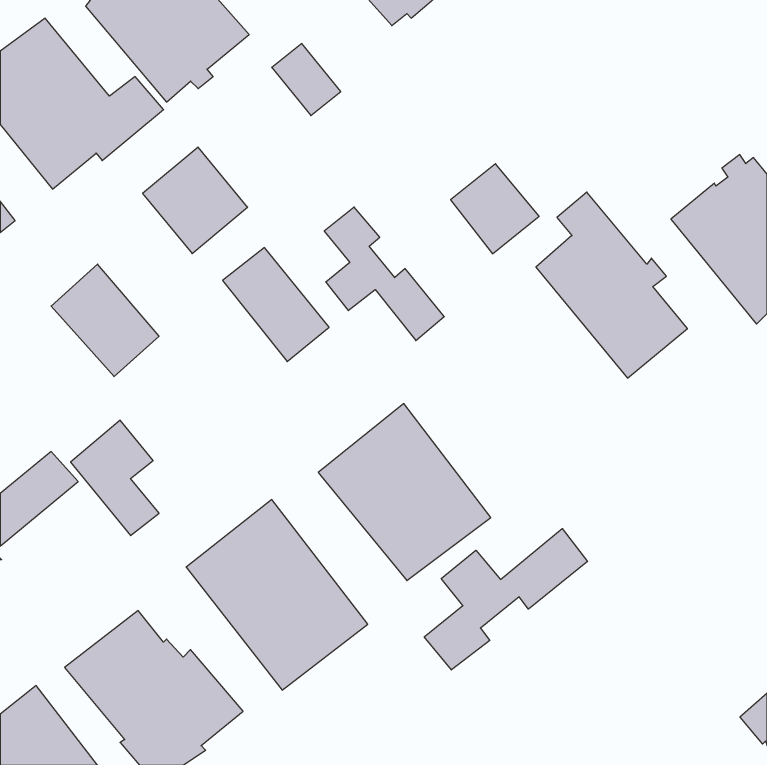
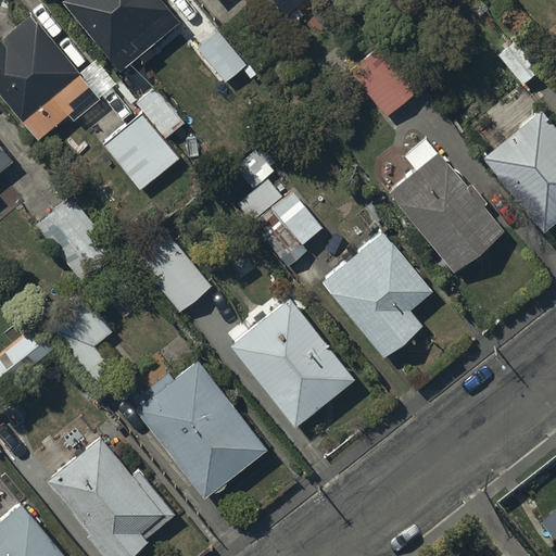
building: [451,164,539,254] -> [354,52,418,117]
building: [223,248,329,362] -> [134,230,211,313]
building: none -> [321,232,434,358]
building: [424,529,588,670] -> none

